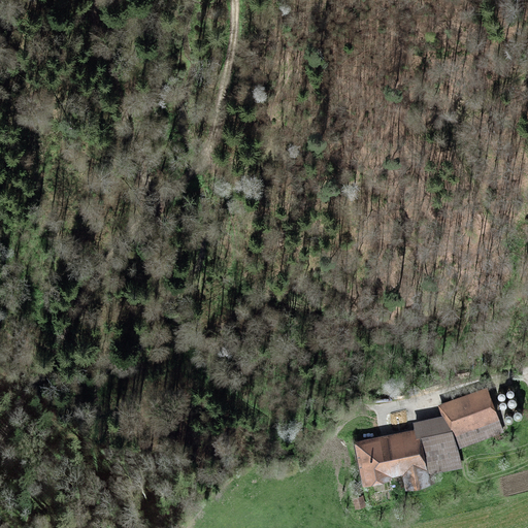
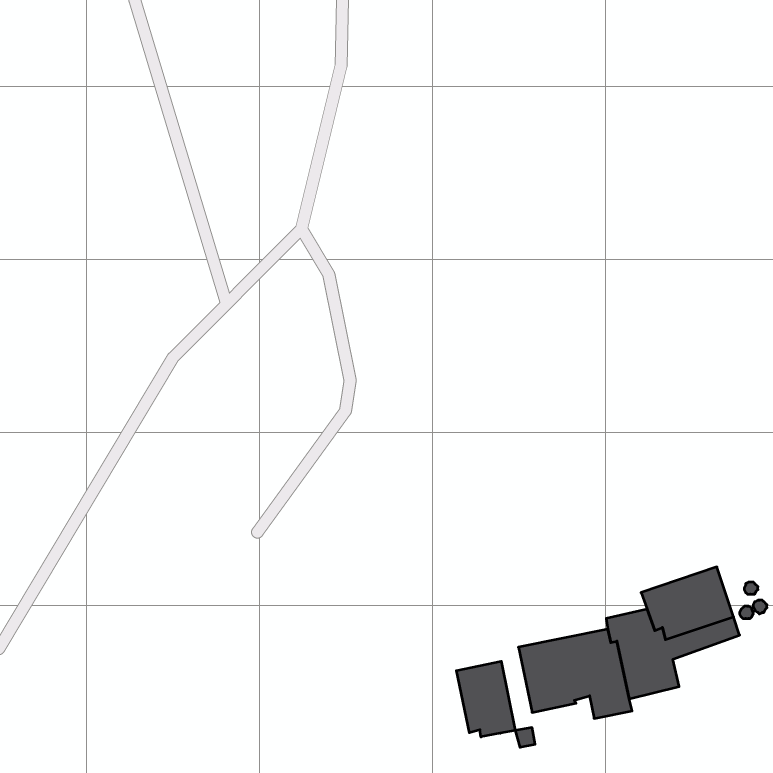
building: none -> [456,661,515,737]

